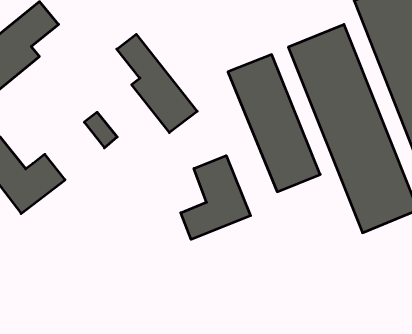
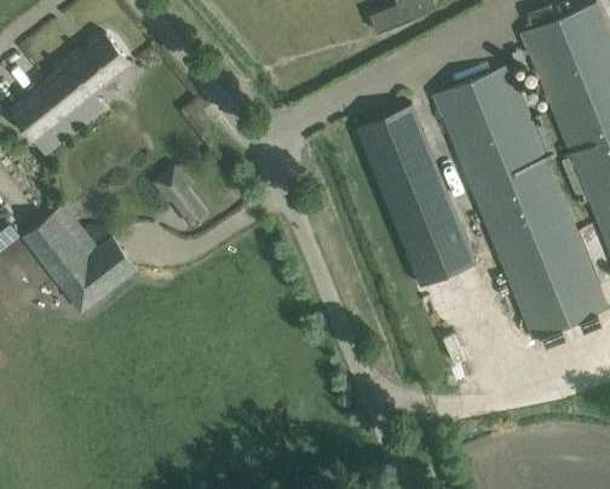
building: [117,34,197,133] -> none
building: [181,156,251,239] -> none

